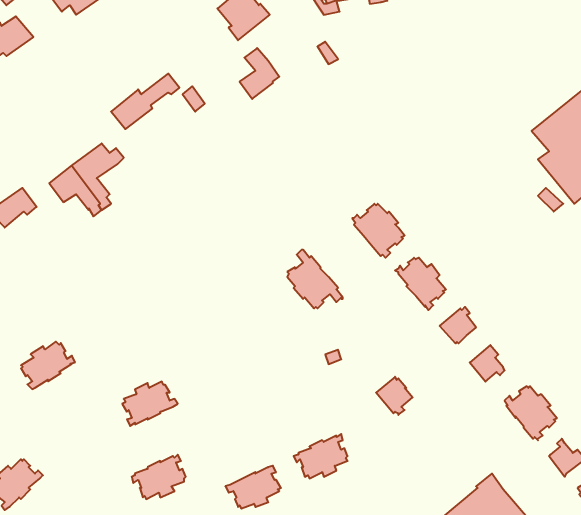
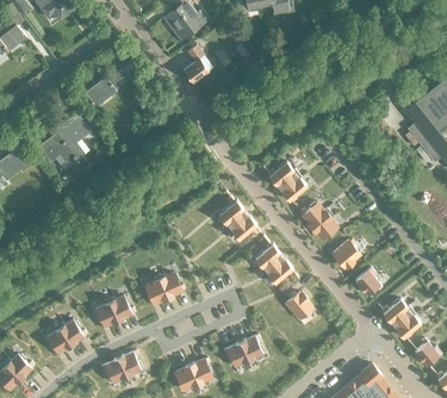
building: none -> [255,243,293,284]
building: [21,342,75,389] -> [46,319,87,355]
building: none -> [144,273,186,305]

